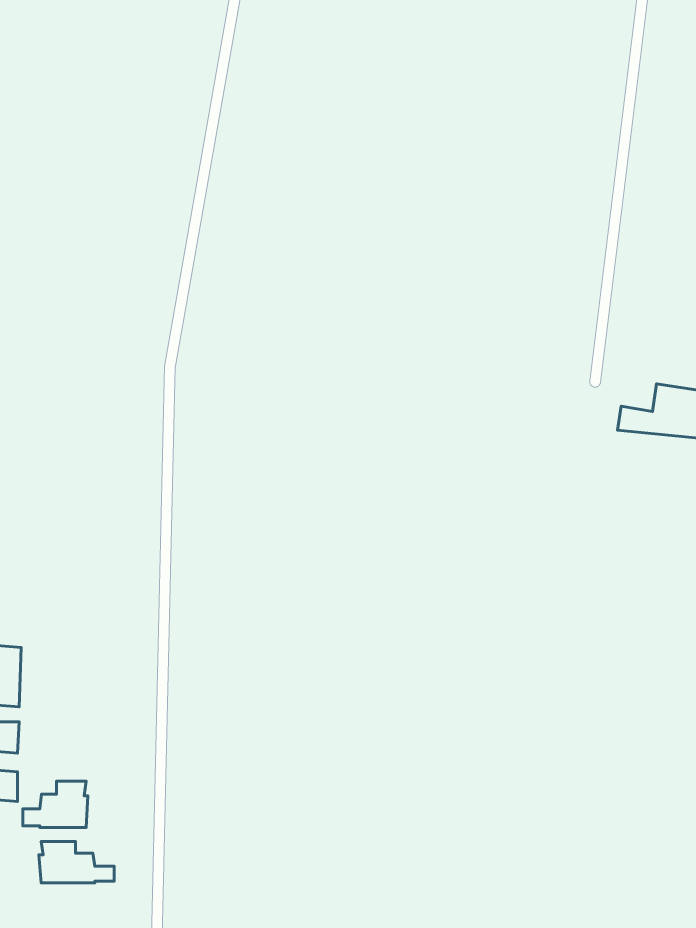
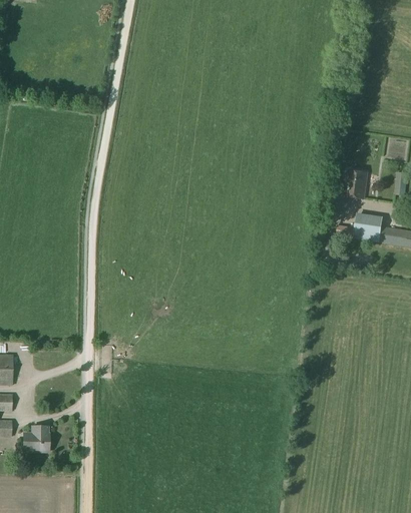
building: none -> [344,169,367,198]
building: [39,841,114,883] -> none

